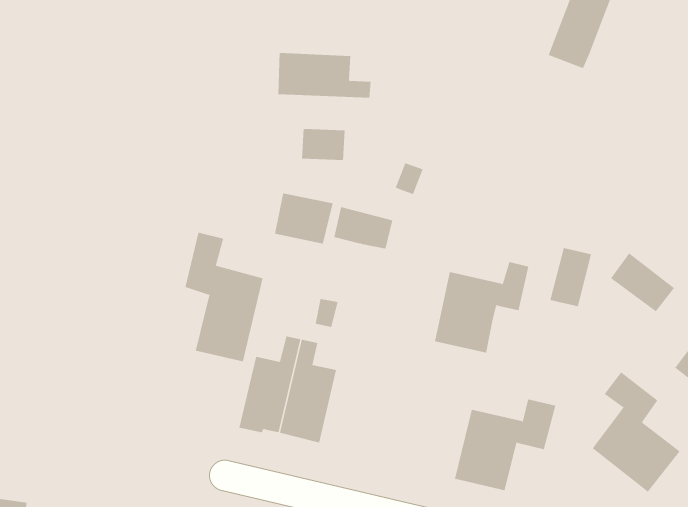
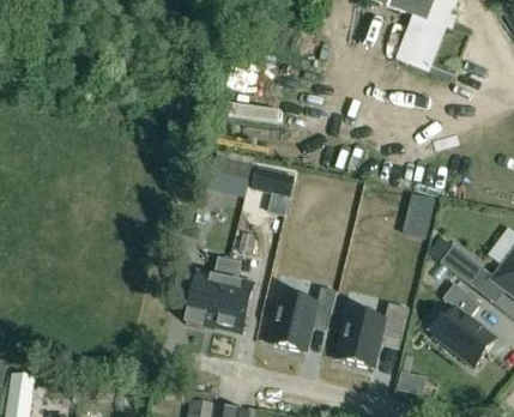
building: [278,52,371,99] -> none
building: [185,232,263,362] -> none
building: [610,253,675,312] -> [440,243,485,285]
building: [434,261,529,353] -> [270,285,337,350]

